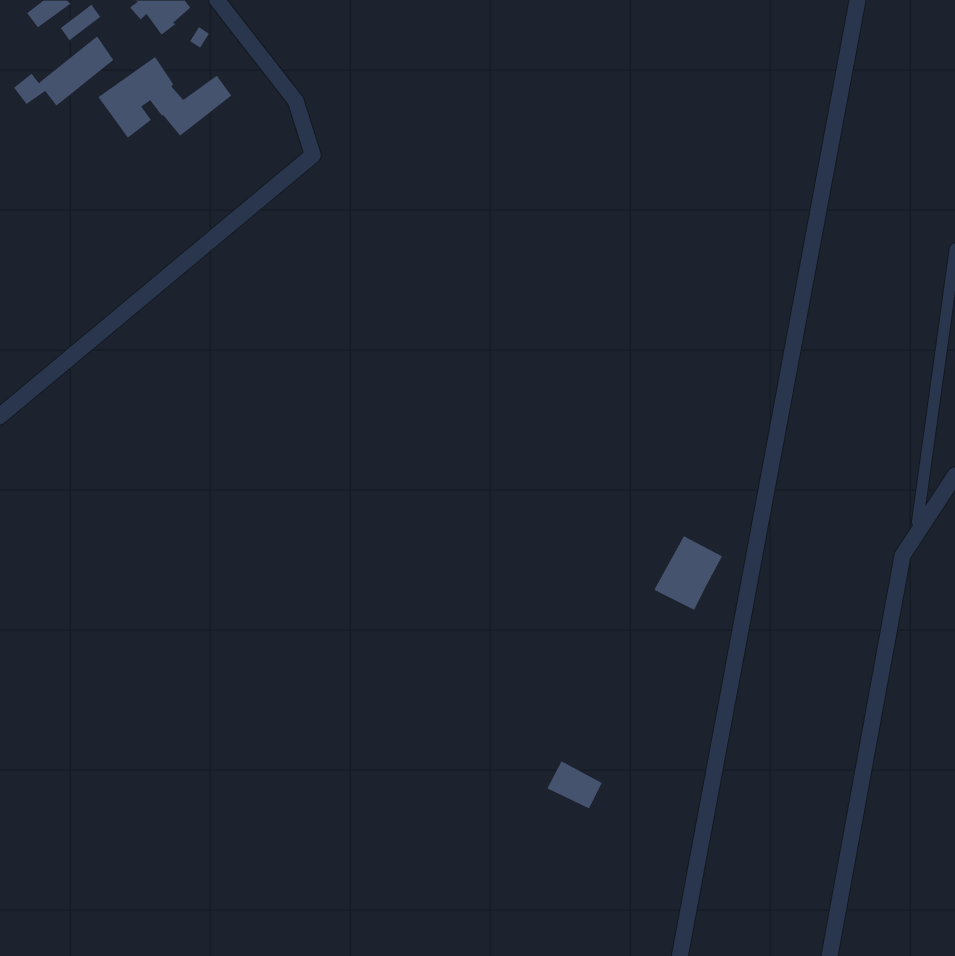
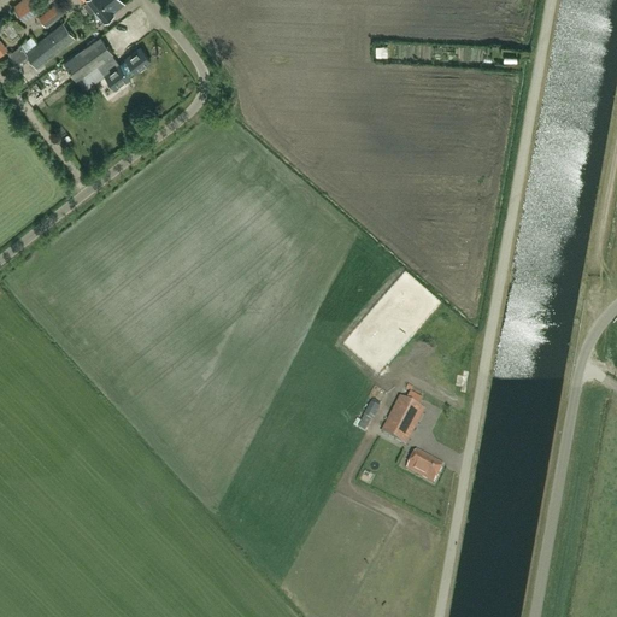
building: [653,536,723,610] -> [380,398,424,446]
building: [546,760,603,809] -> [406,452,442,483]

